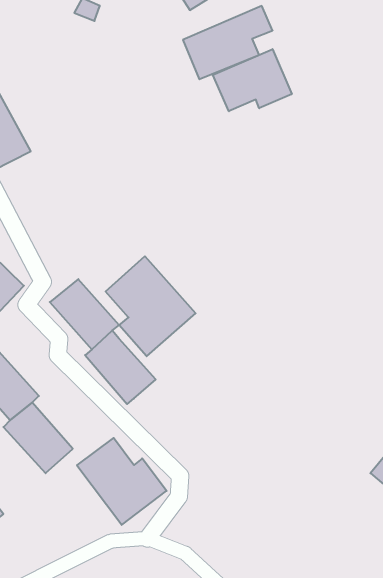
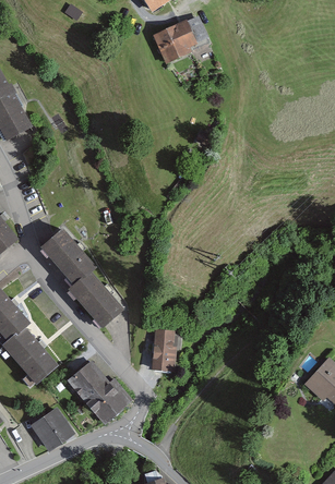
building: [213,49,292,111] -> none
building: [106,256,196,356] -> none
building: none -> [147,329,177,372]
building: none -> [27,408,73,452]

